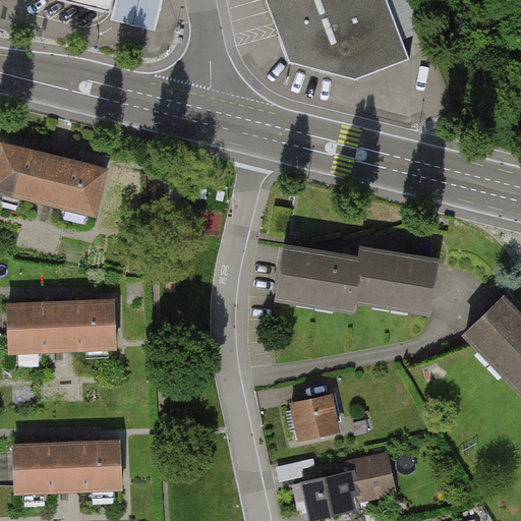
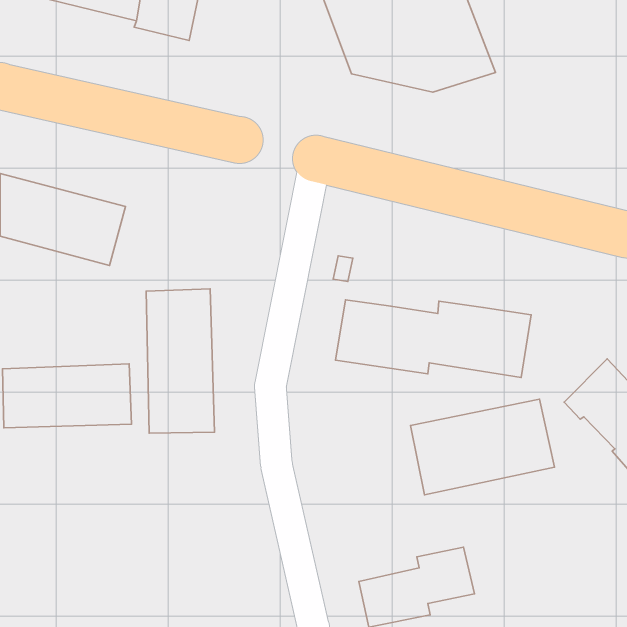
building: none -> [146,289,214,433]
building: none -> [410,399,555,495]
building: [286,393,336,439] -> none
building: [7,440,115,494] -> none

